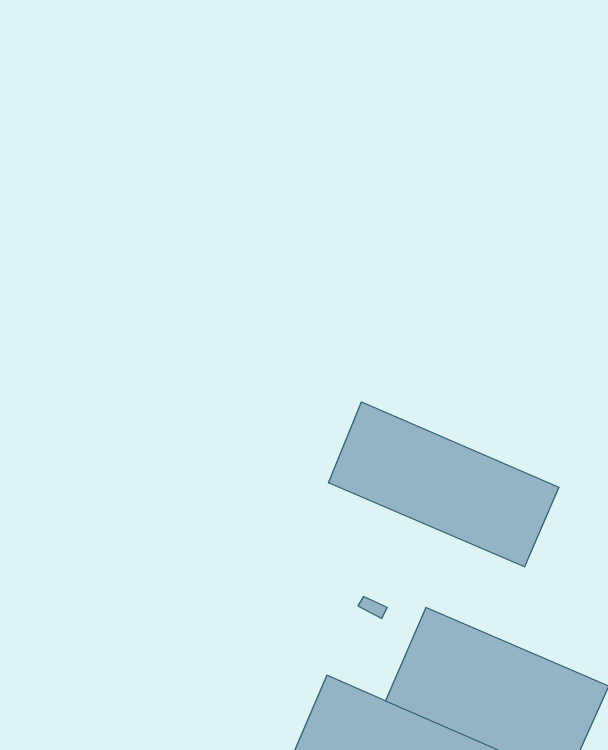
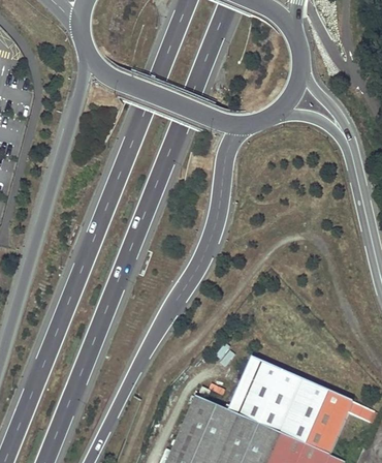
building: [329,402,559,567] -> none

